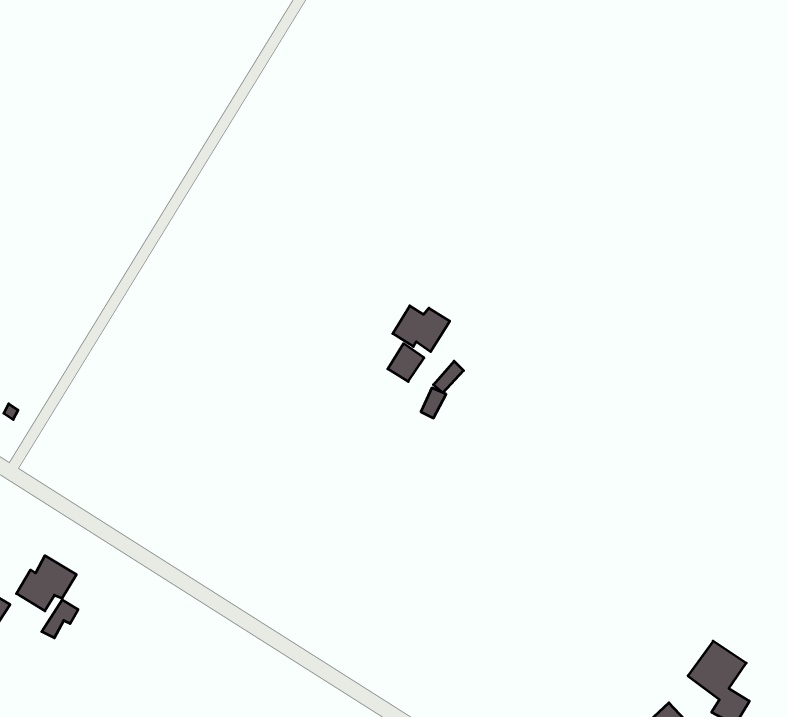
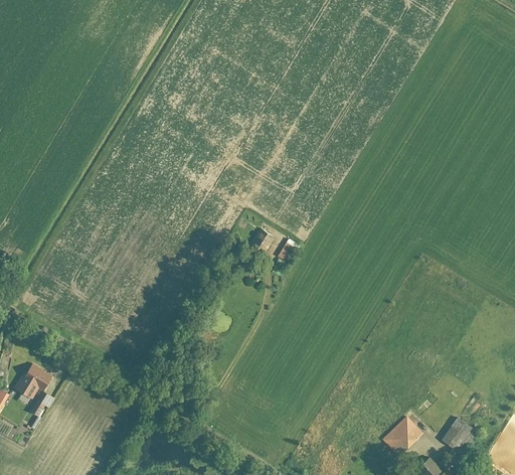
building: [393,306,450,352] -> none
building: none -> [381,416,420,455]

